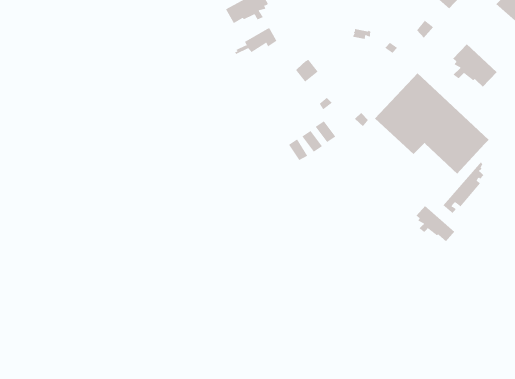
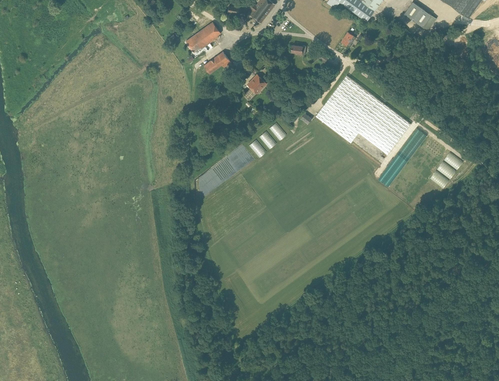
building: [452,44,497,87] -> none
building: [415,205,455,242] -> none

